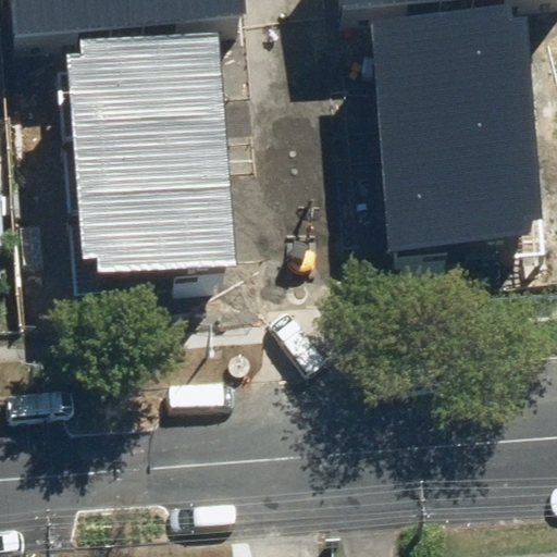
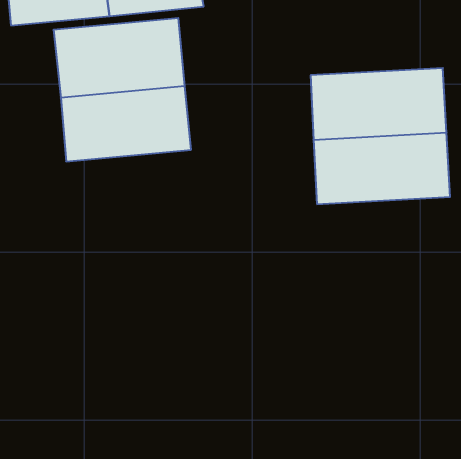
building: [369,9,532,90] -> none
building: [79,180,237,275] -> none

